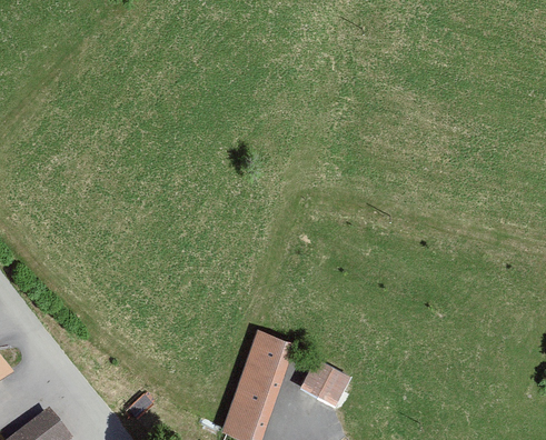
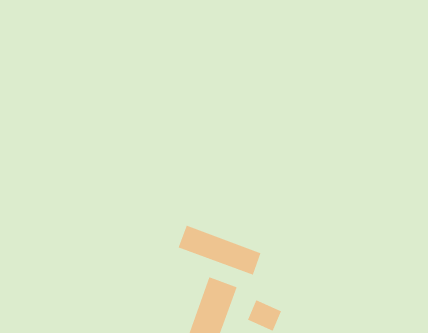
building: none -> [178,225,261,275]

